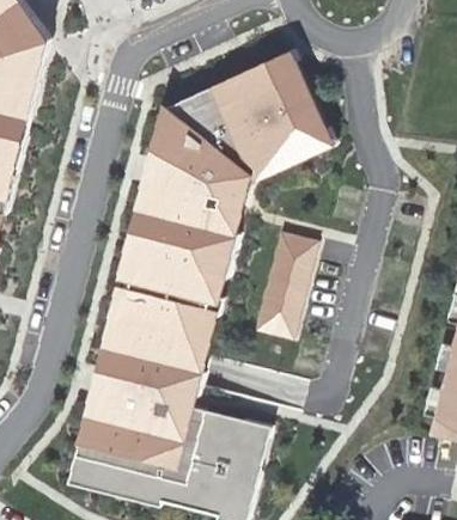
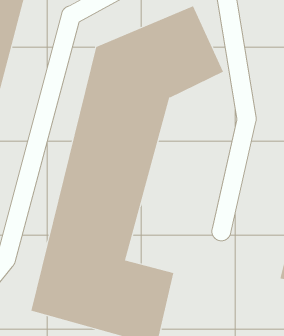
building: [248,231,311,342] -> none

